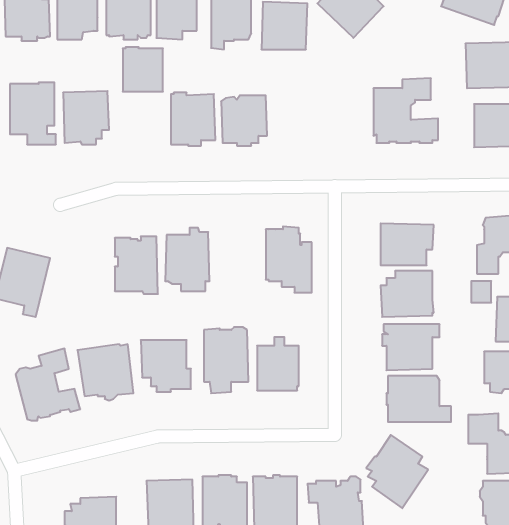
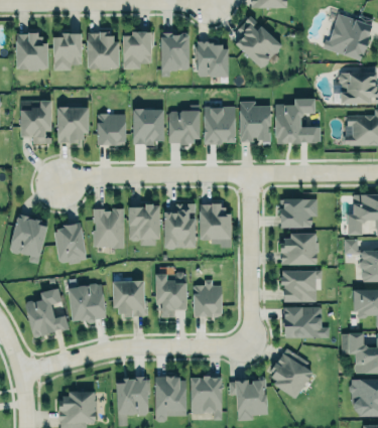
building: [123,47,163,92] -> [98,114,126,145]
building: none -> [240,102,271,141]
building: none -> [204,108,236,145]
building: none -> [164,205,196,249]
building: none -> [54,226,86,265]

